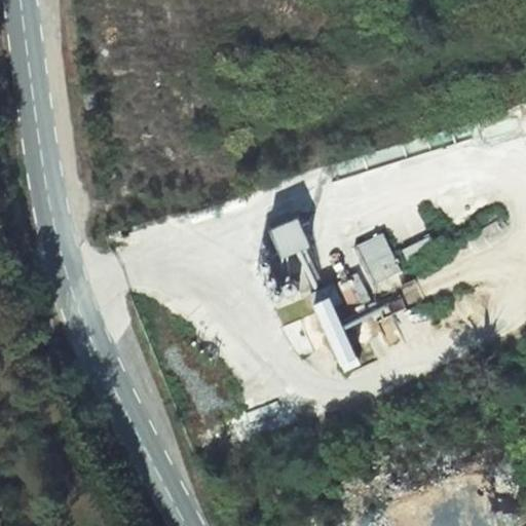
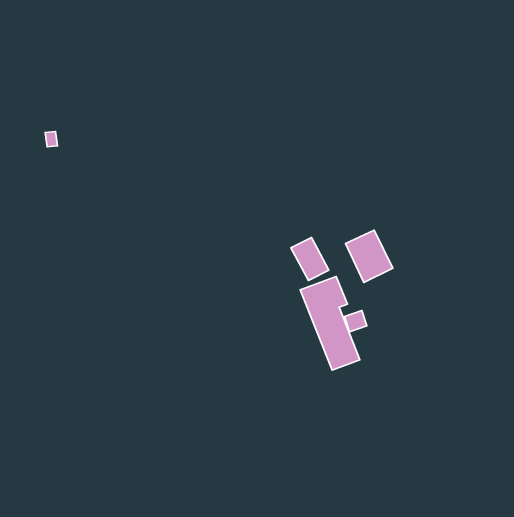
building: [270,220,307,256] -> none

